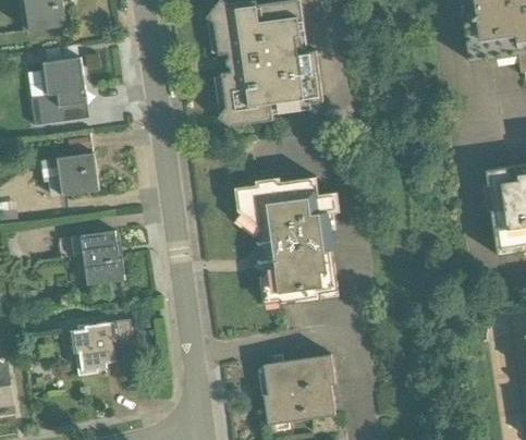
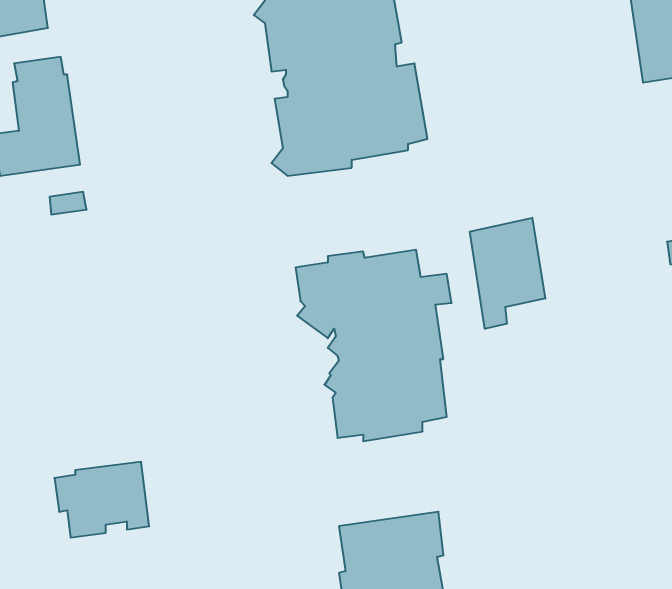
building: [40,152,98,196] -> none
building: none -> [470,218,545,329]
building: [60,231,124,284] -> none

